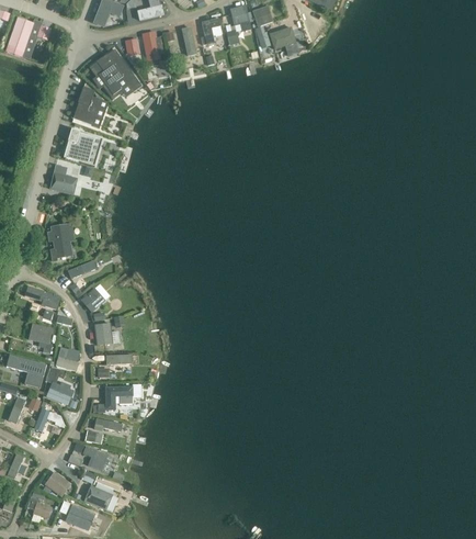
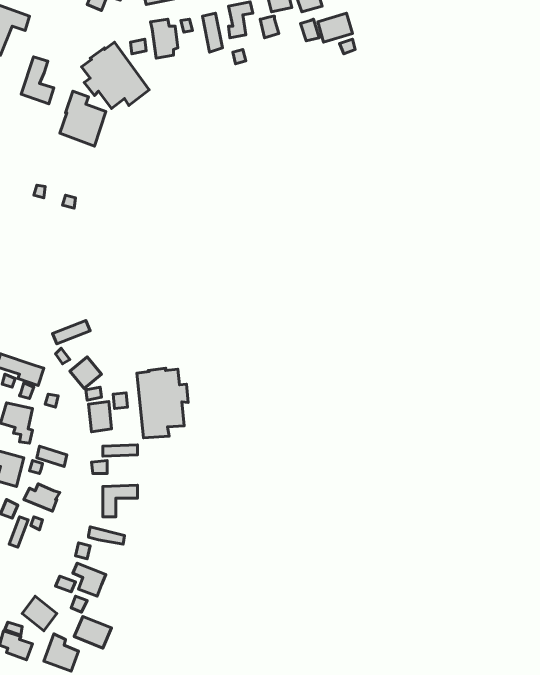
building: none -> [21,57,54,104]
building: [63,128,102,165] -> none
building: [48,171,77,194] -> none
building: [46,222,73,261] -> none
building: none -> [137,368,188,438]

